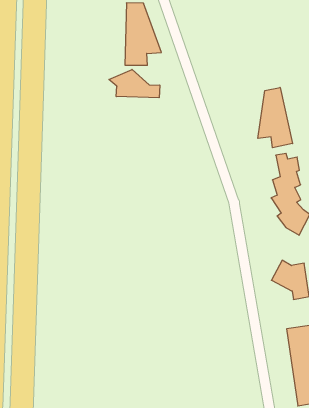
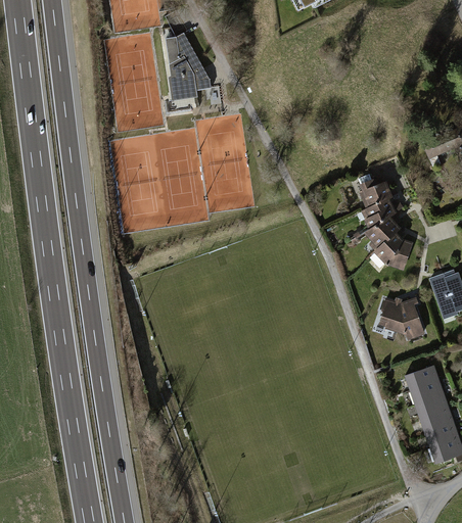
building: [109,69,160,98] -> none
building: [258,87,293,148] -> none

